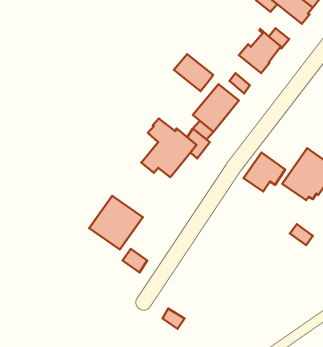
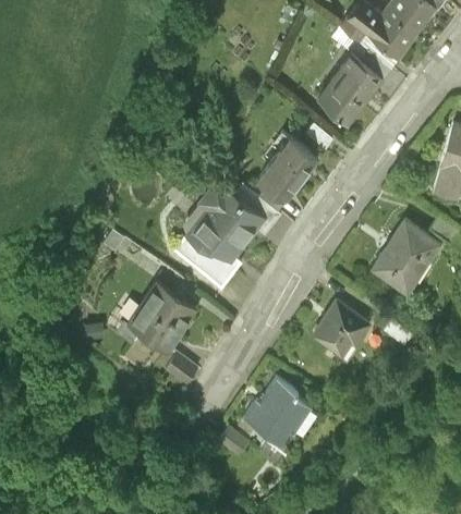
building: [174,54,213,91] -> none
building: [244,152,285,192] -> [314,301,367,351]
building: none -> [173,231,241,287]
building: none -> [244,377,310,440]

